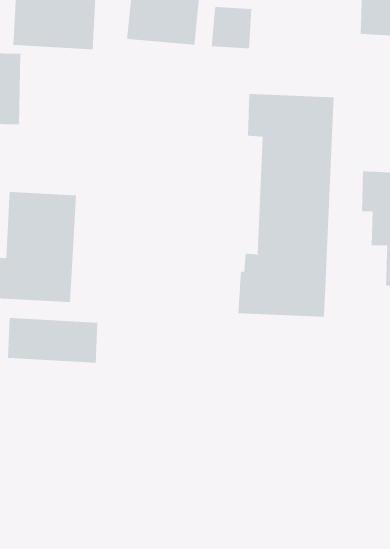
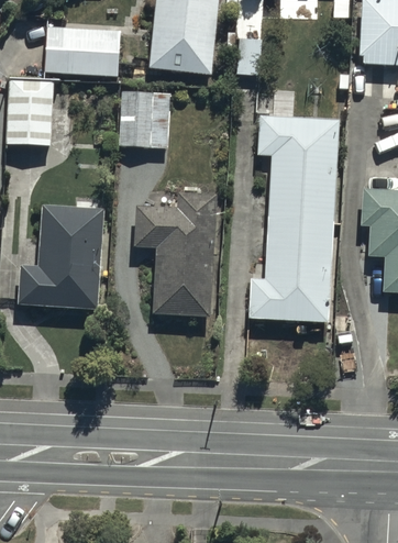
building: none -> [120,91,172,147]
building: none -> [135,191,215,315]
building: [7,317,98,363] -> none

